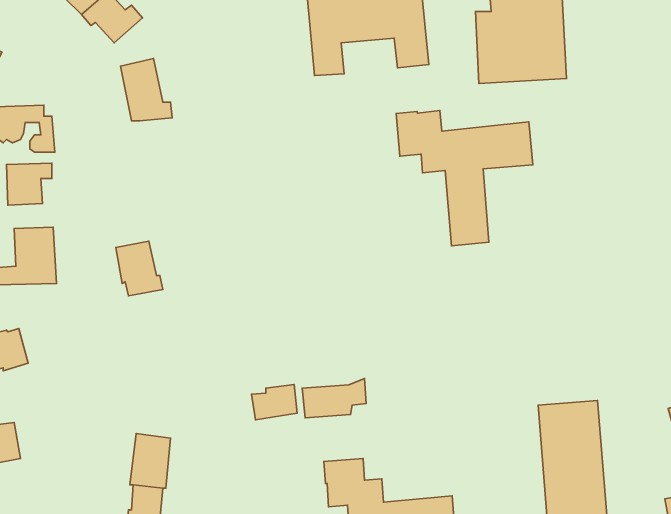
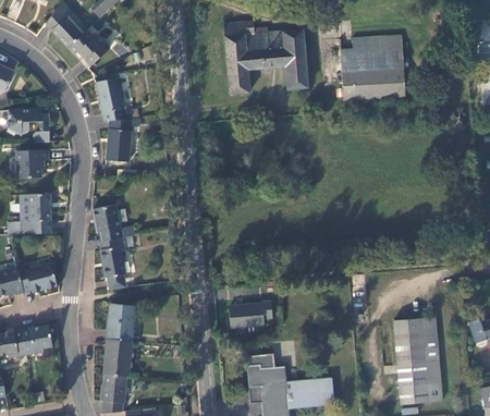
building: [396,111,533,246] -> none
building: none -> [107,119,133,162]
building: none -> [99,238,130,287]
building: none -> [27,264,59,292]
building: none -> [108,304,136,342]
building: [251,385,297,420] -> none
building: none -> [23,326,53,356]

